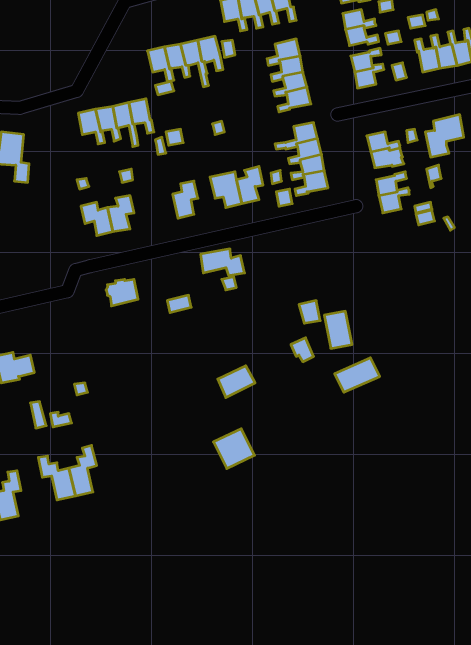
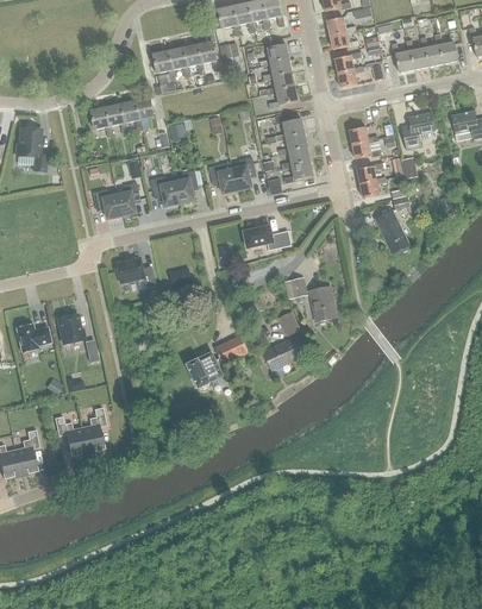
building: none -> [149,176,179,206]
building: none -> [374,211,408,253]
building: [201,249,245,275] -> [243,226,282,250]
building: none -> [57,313,83,343]
building: [335,358,380,392] -> [263,338,303,369]
building: [213,429,255,469] -> [186,352,223,388]

